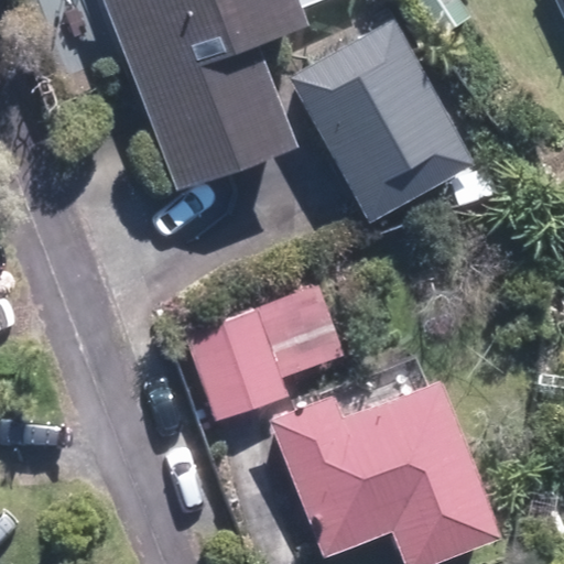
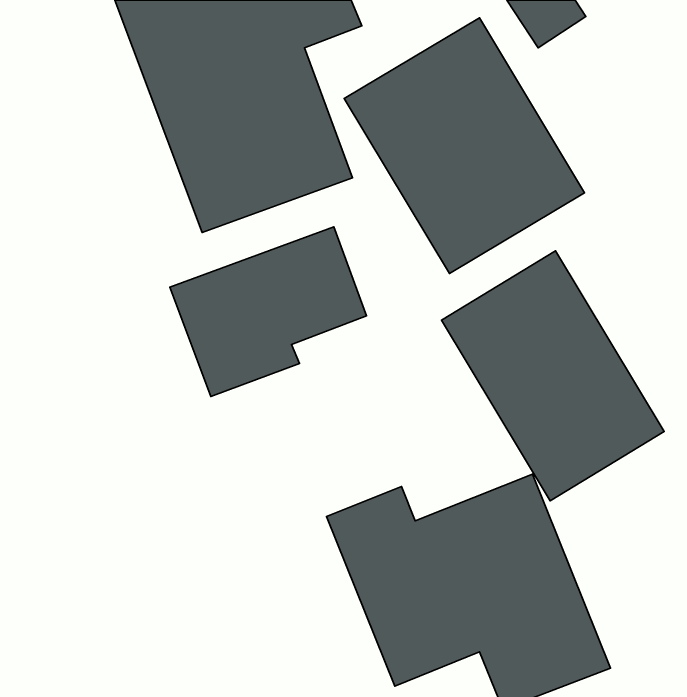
building: none -> [442,251,664,501]
building: [187,283,346,420] -> [170,227,367,396]

